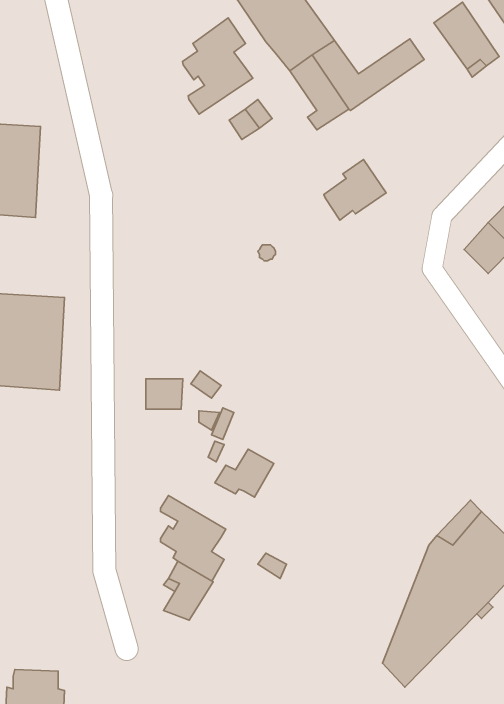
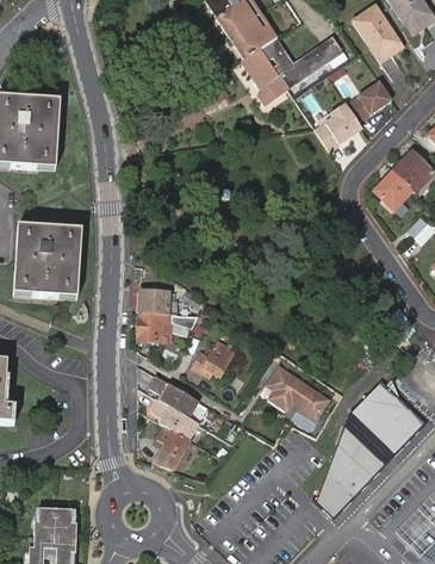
building: [183,18,253,114] -> none
building: none -> [359,81,393,114]
building: [324,159,386,220] -> [317,101,363,147]
building: none -> [137,311,168,339]
building: none -> [268,370,328,421]

